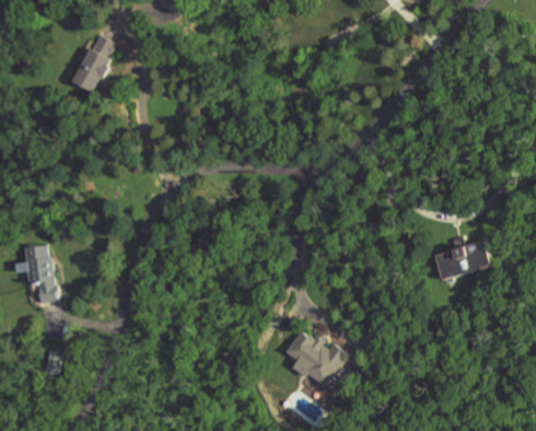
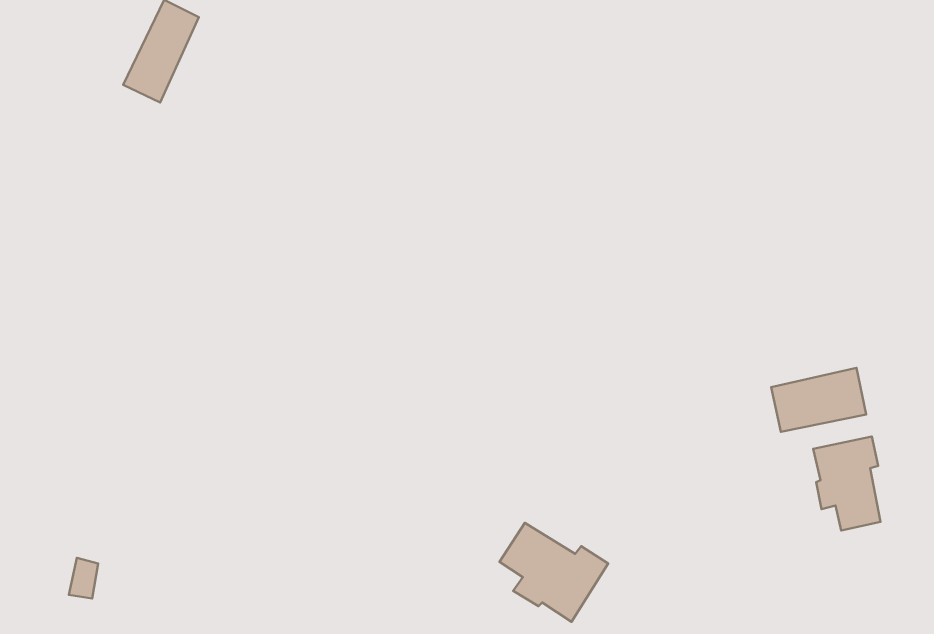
building: [13,244,55,302] -> none
building: none -> [813,436,881,531]

